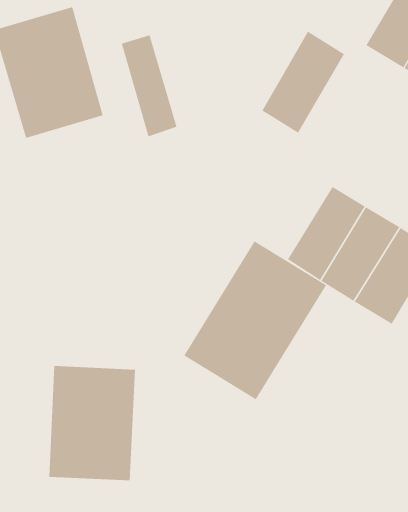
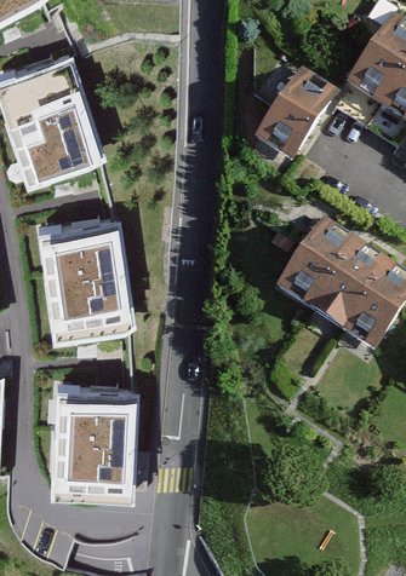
building: [121,35,177,137] -> none
building: none -> [40,235,131,344]
building: [184,241,327,400] -> none

